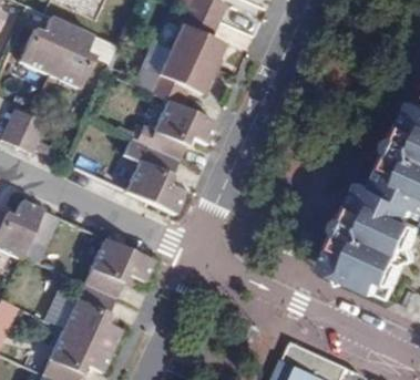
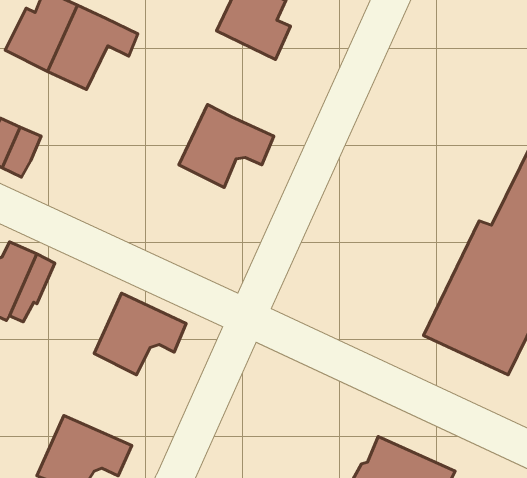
building: [152,44,217,107] -> none
building: [125,143,185,212] -> none
building: [61,275,122,349] -> none

